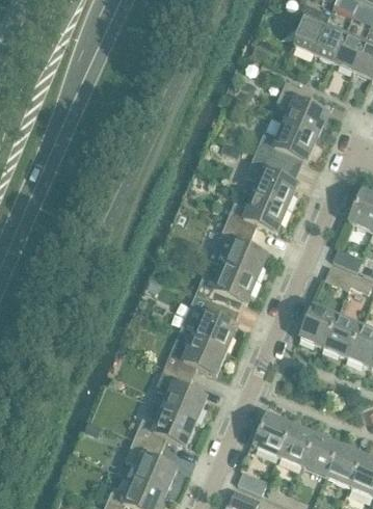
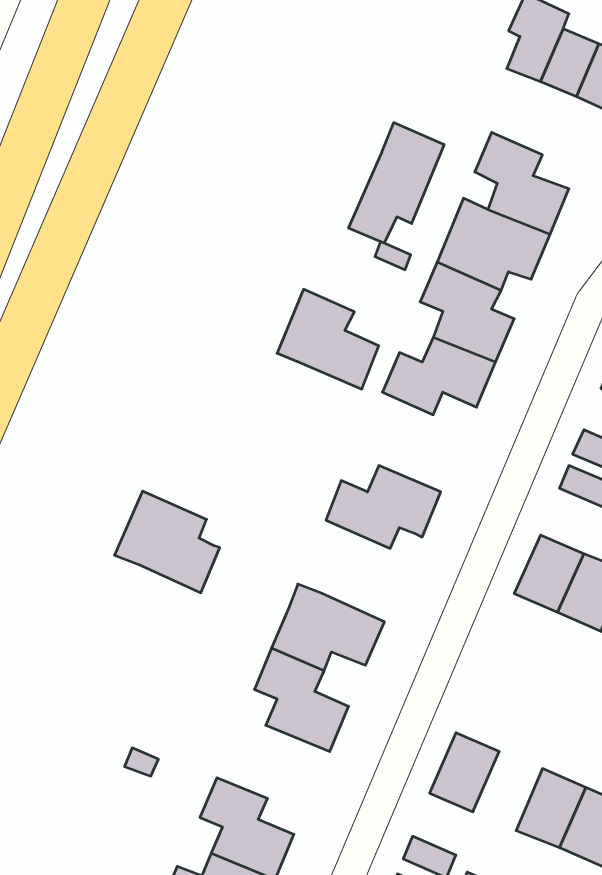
building: none -> [349,123,444,243]
building: [212,223,268,278] -> [277,289,379,389]
building: [180,294,238,350] -> [114,491,220,593]
building: [135,407,197,448] -> none
building: [276,422,315,465] -> none

